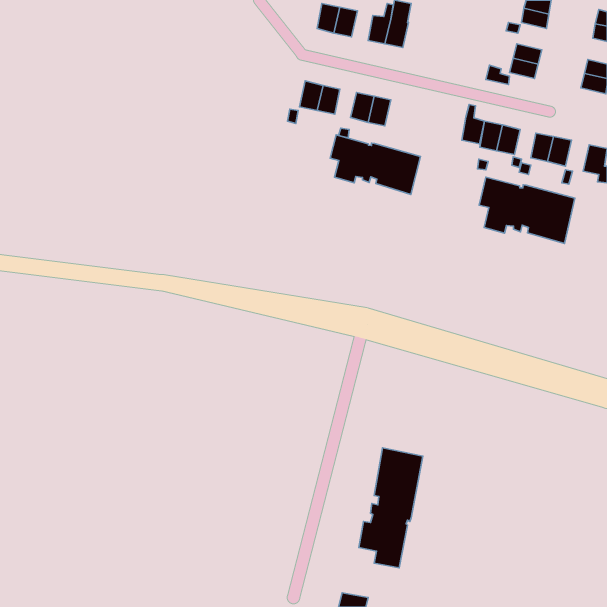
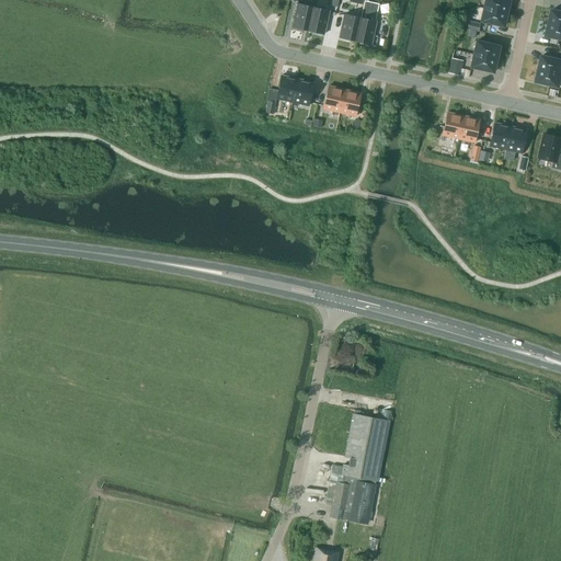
building: [462,104,485,144] -> none
building: [330,135,421,194] -> none
building: [479,177,575,244] -> none

